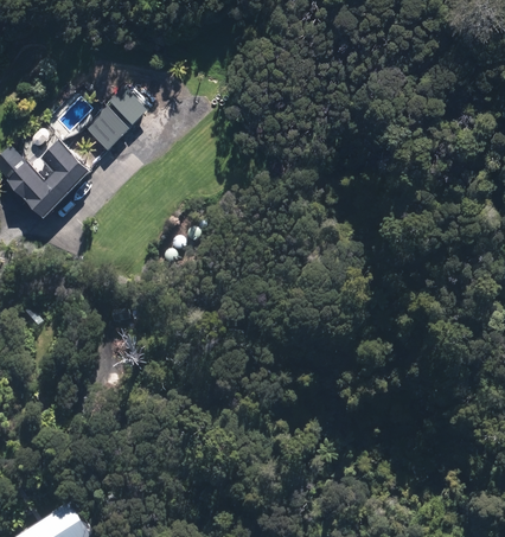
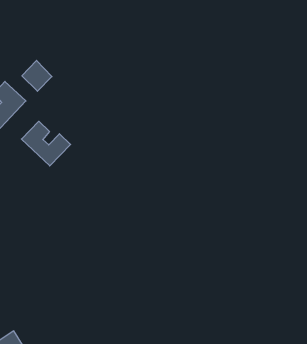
building: [106,89,143,128] -> none
building: none -> [21,121,71,166]

